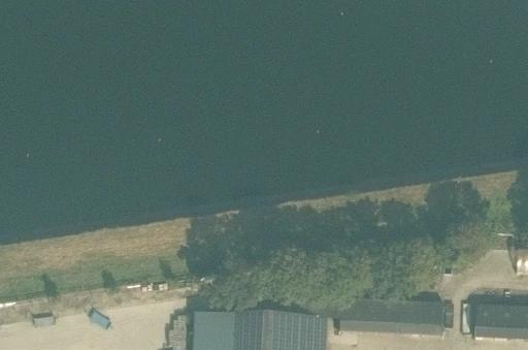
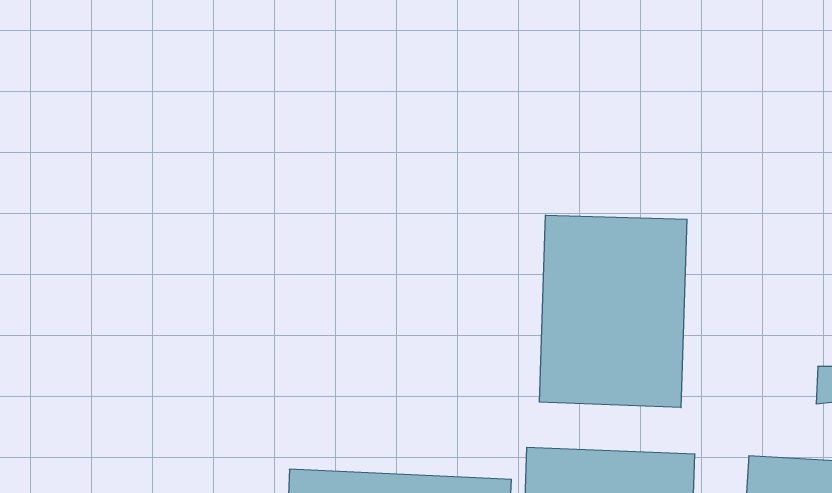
building: none -> [540,215,687,408]

